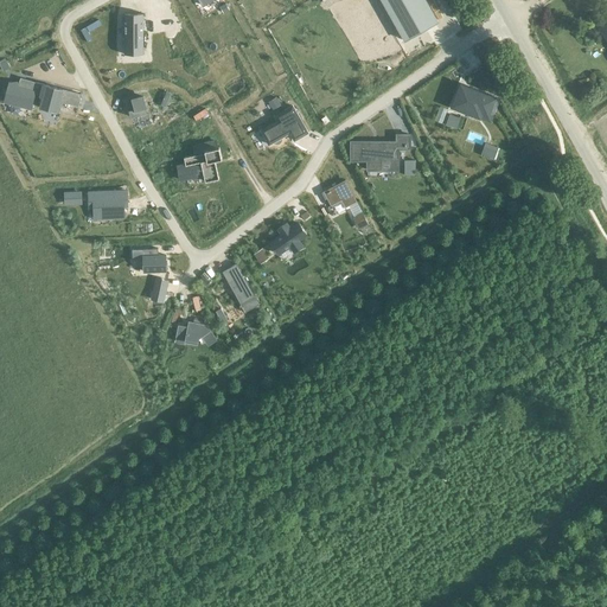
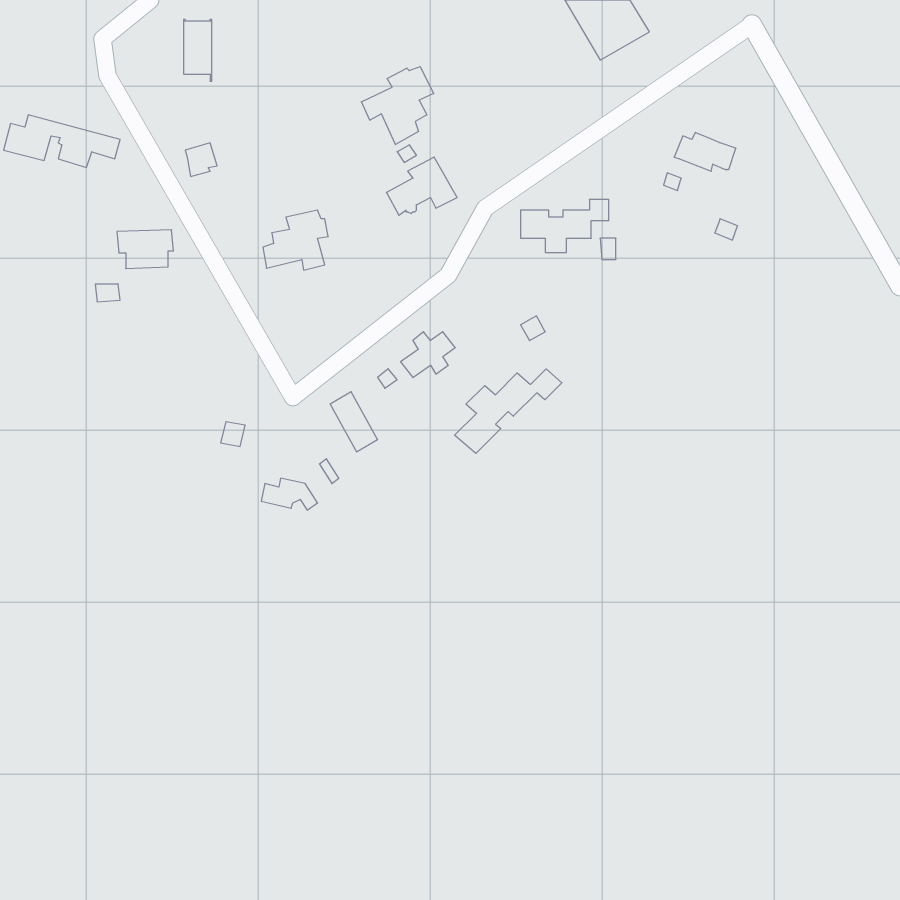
building: none -> [361,67,434,145]
building: [322,180,356,209] -> none
building: [88,192,126,218] -> [117,230,173,269]
building: [130,249,167,273] -> none
building: none -> [455,369,562,453]

